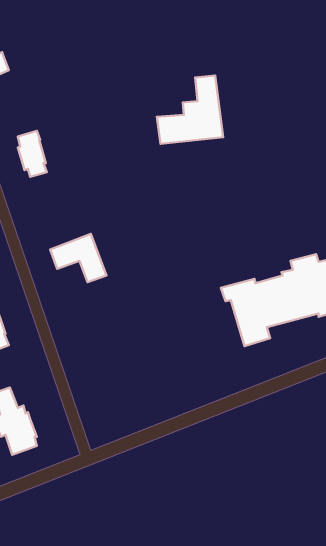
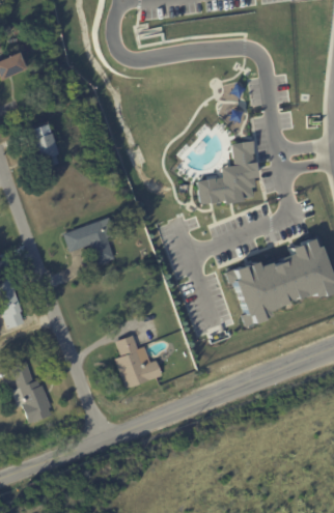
building: [157,75,223,144] -> [195,140,256,203]
building: none -> [116,335,164,390]

